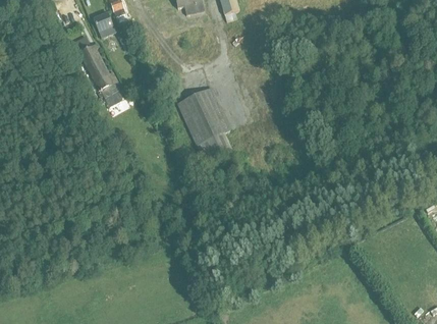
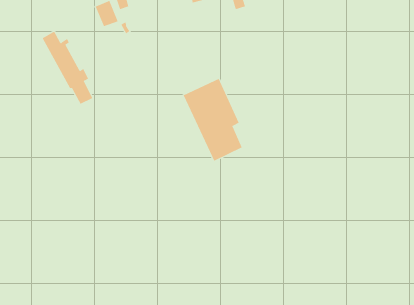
building: [72,36,121,106] -> [42,31,93,105]

